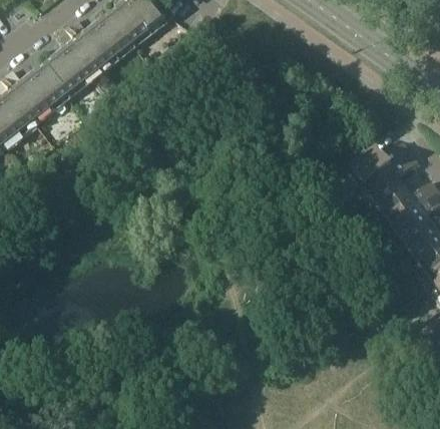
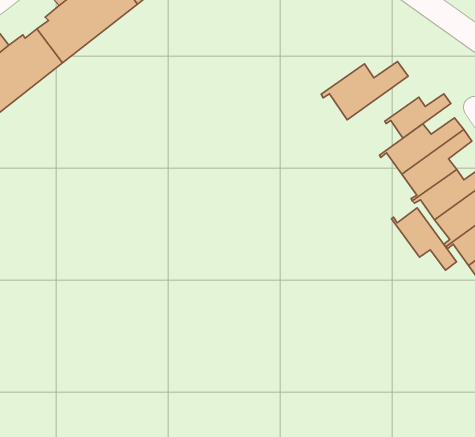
building: none -> [321,62,408,120]
building: none -> [385,94,451,138]
building: none -> [392,208,457,270]

